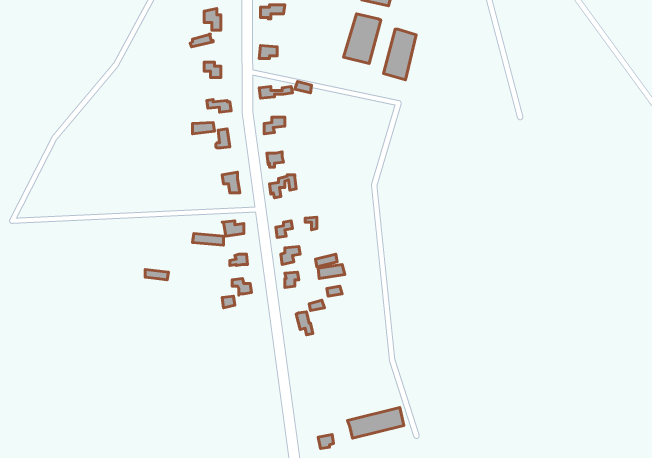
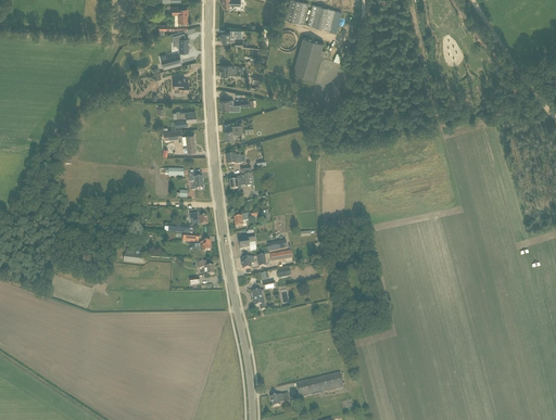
building: [383,29,416,80] -> none

